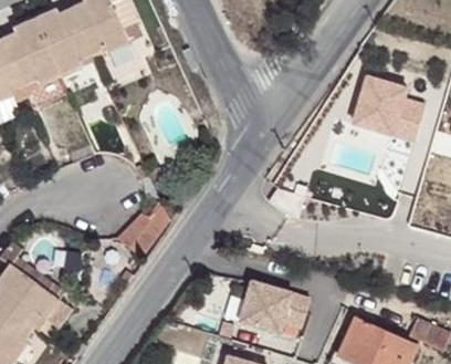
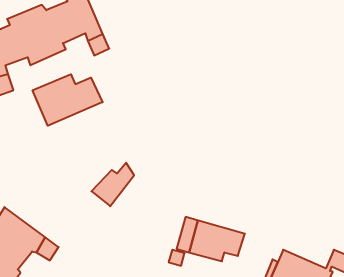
building: [353,76,424,142] -> none
building: none -> [33,74,103,126]

